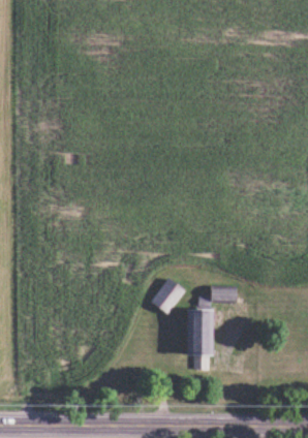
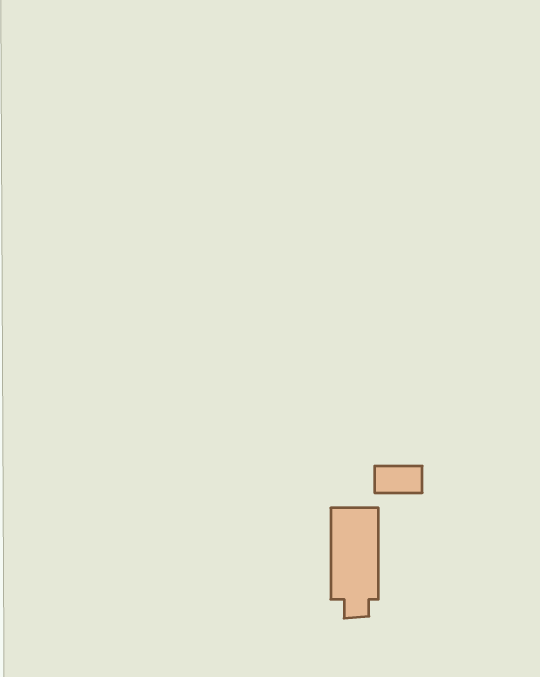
building: [153,278,186,313] -> none

